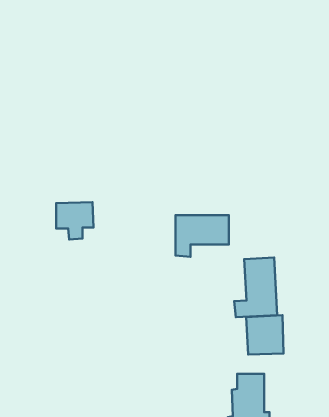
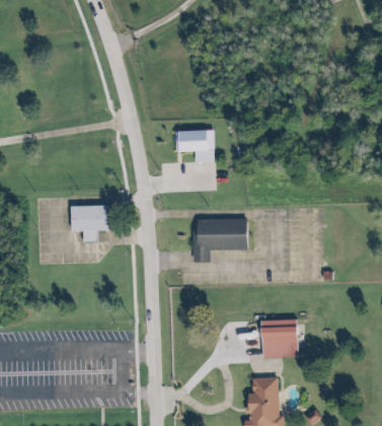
building: none -> [177,130,215,162]
building: [234,257,277,317] -> none

